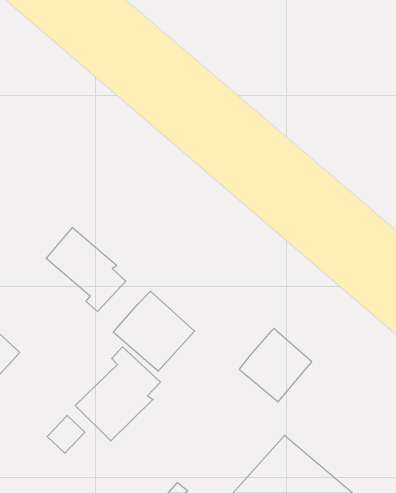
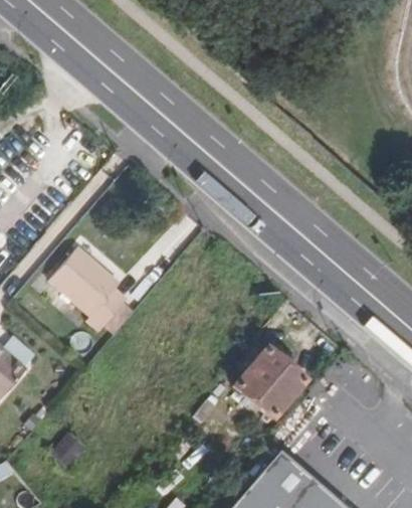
building: [113,291,195,371] -> none
building: [75,347,160,441] -> none

